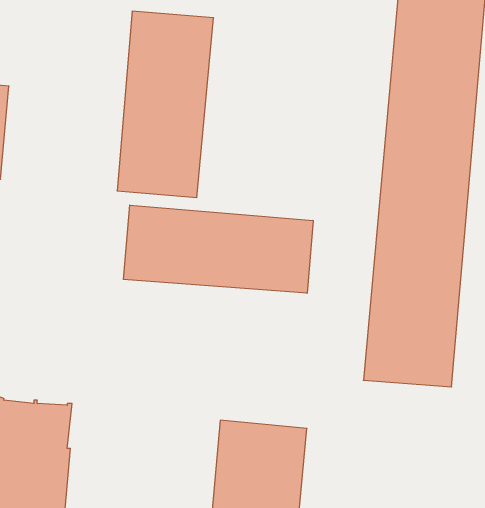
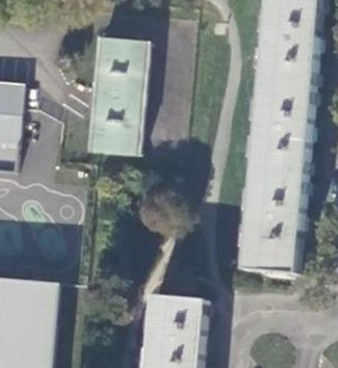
building: [123,205,313,293] -> none

